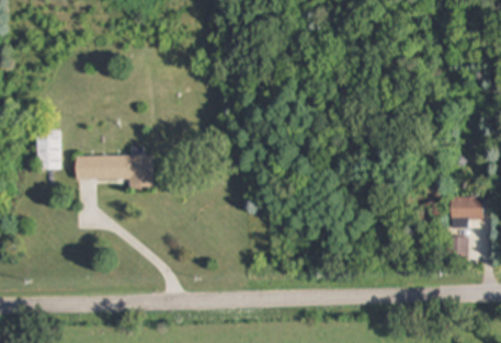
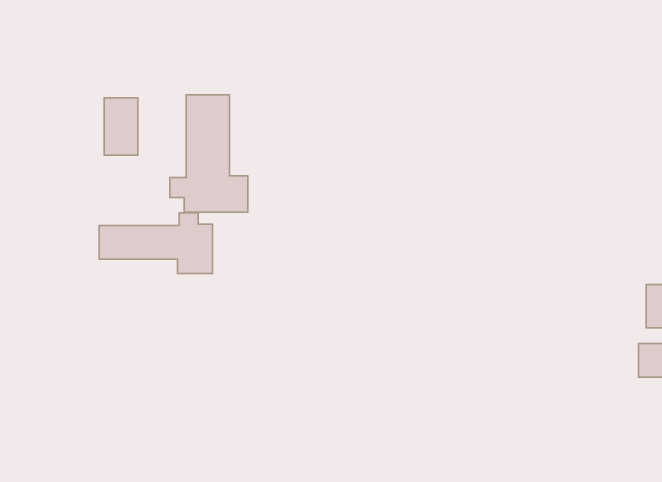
building: none -> [170,95,248,212]
building: [38,130,61,170] -> [104,98,138,155]

